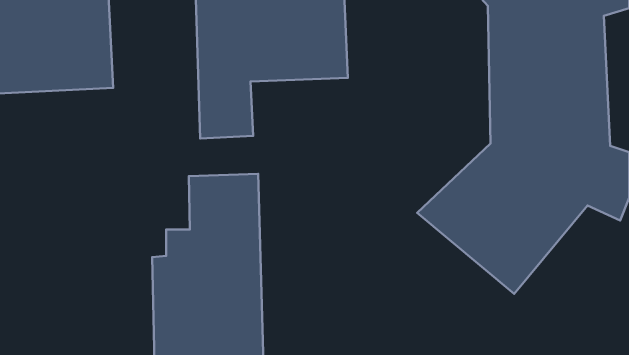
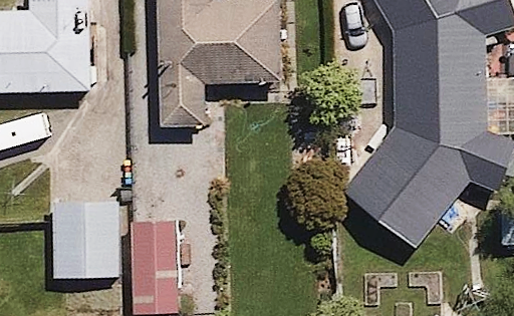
building: none -> [42,206,117,276]

